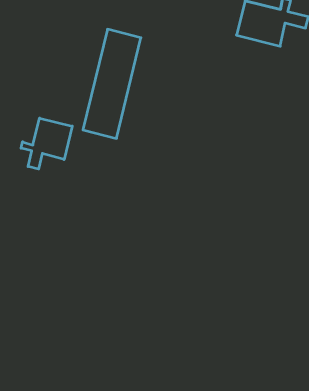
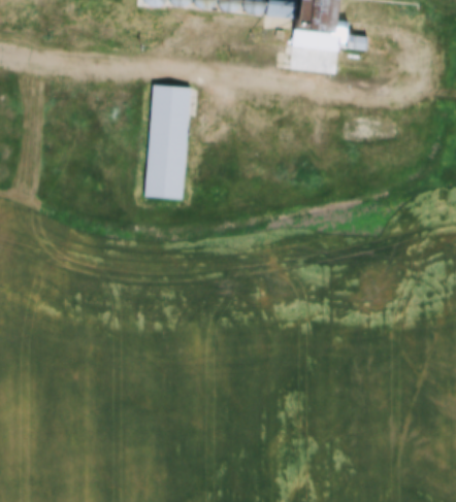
building: [21,118,72,169] -> none

